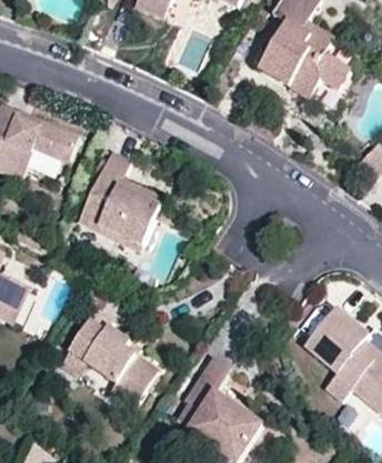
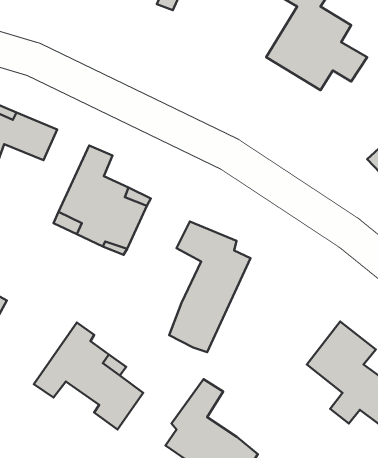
building: none -> [169,221,251,352]

